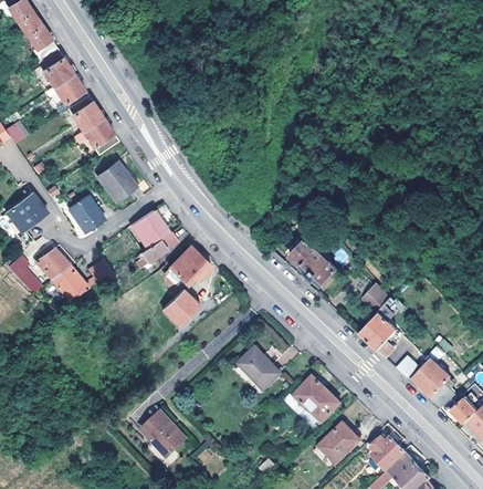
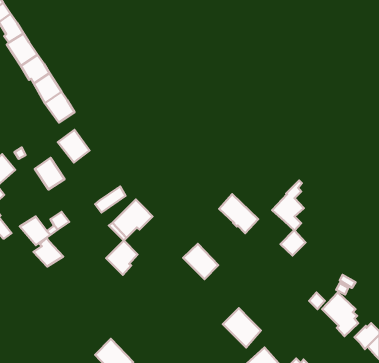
building: [130,209,168,247] -> none
building: [35,243,71,278] -> [33,238,63,267]
building: [360,296,398,356] -> [272,180,304,231]
building: [238,347,280,389] -> [183,244,218,279]

